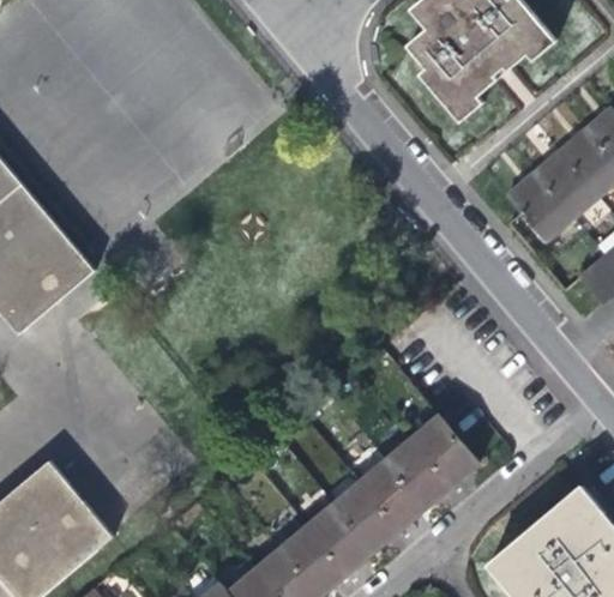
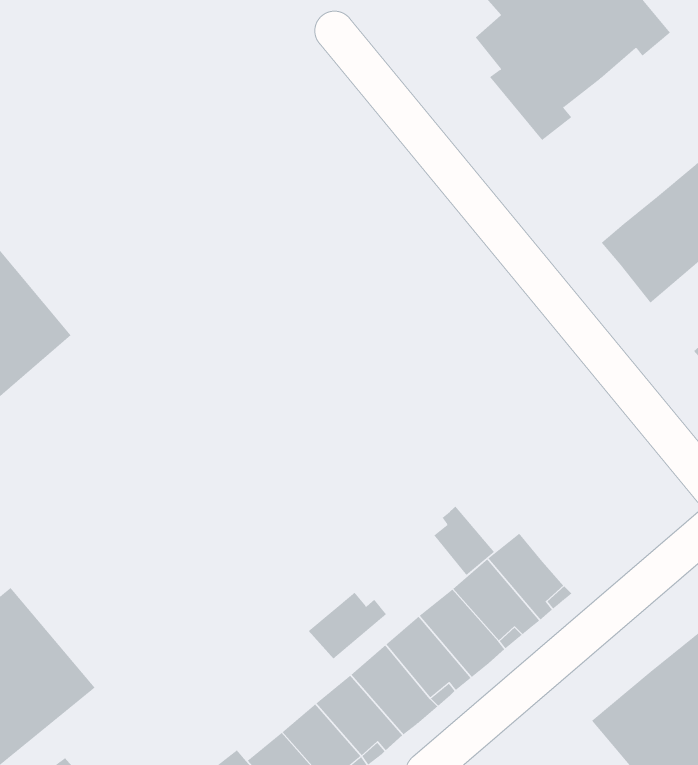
building: none -> [433,506,495,576]
building: none -> [308,592,387,659]

